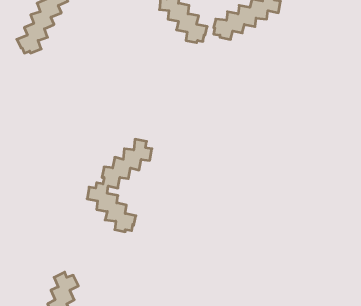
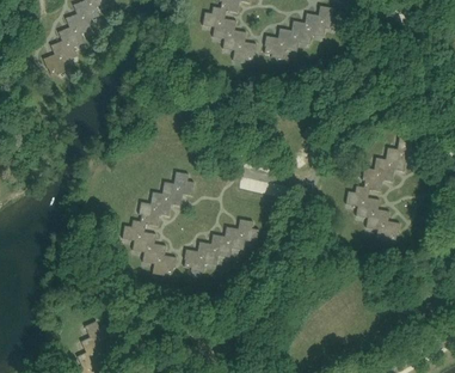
building: none -> [345,139,418,243]
building: none -> [184,220,259,274]

